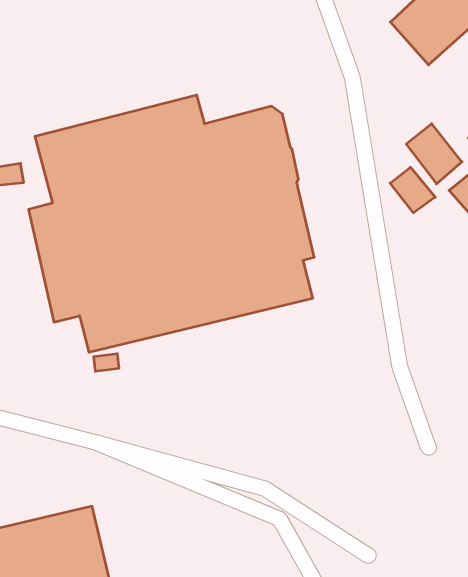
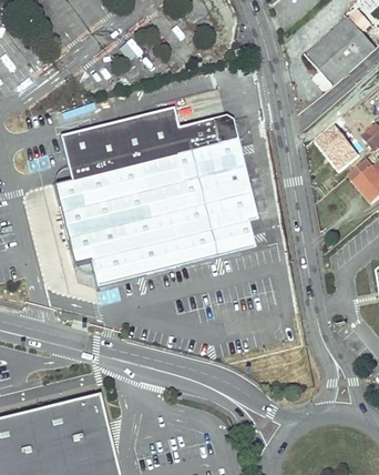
building: [390,167,435,213] -> none

